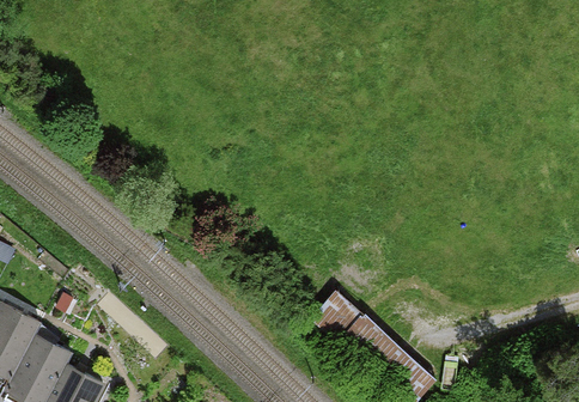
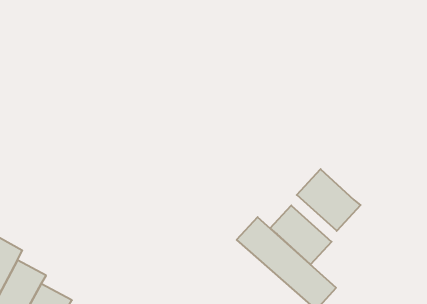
building: none -> [297,169,361,231]
building: none -> [270,205,332,265]

